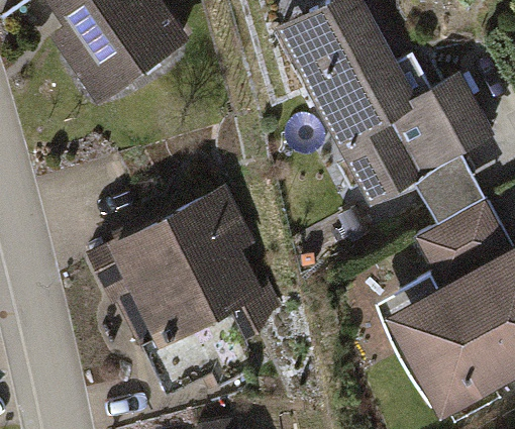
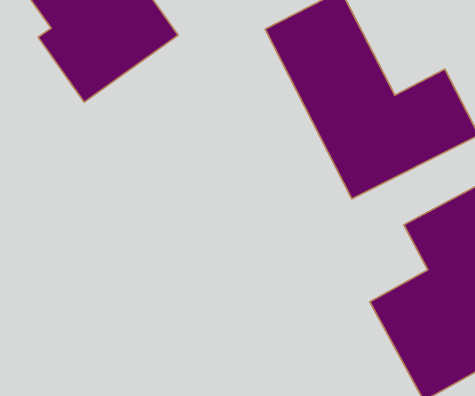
building: [97,188,264,348] -> none

